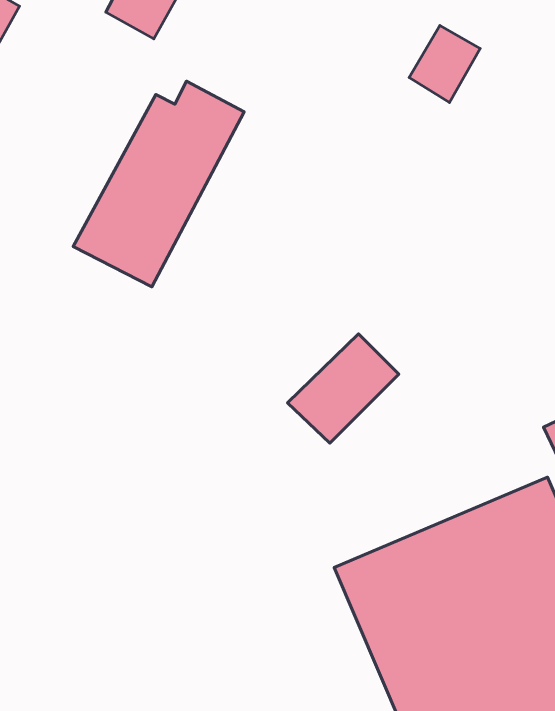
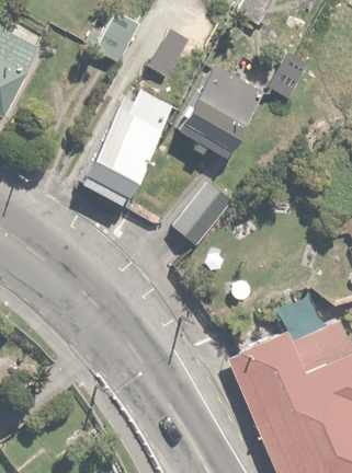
building: none -> [179,64,269,159]
building: [288,334,399,443] -> [169,187,232,250]

